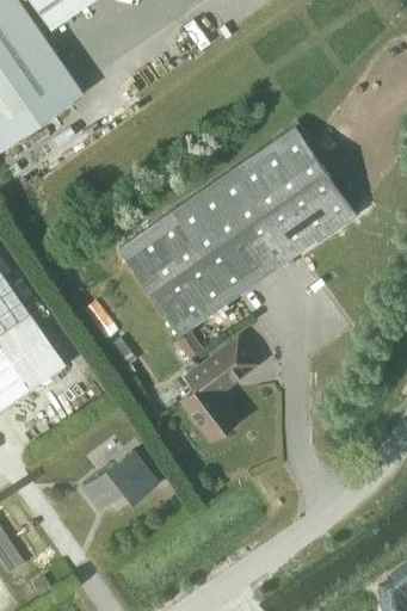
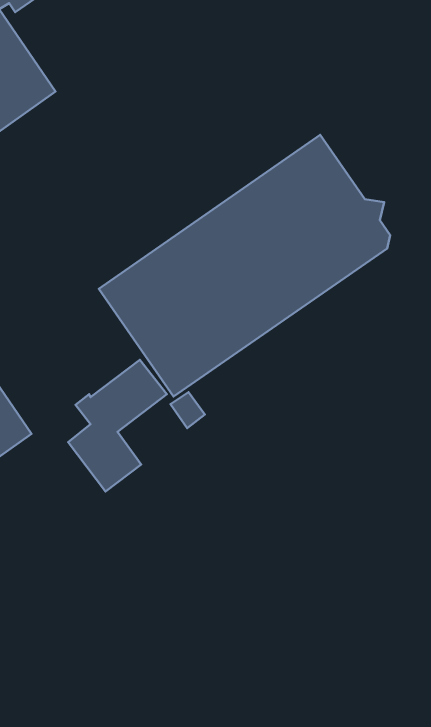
building: [180,337,259,442] -> [68,360,167,492]
building: [85,451,156,508] -> none

